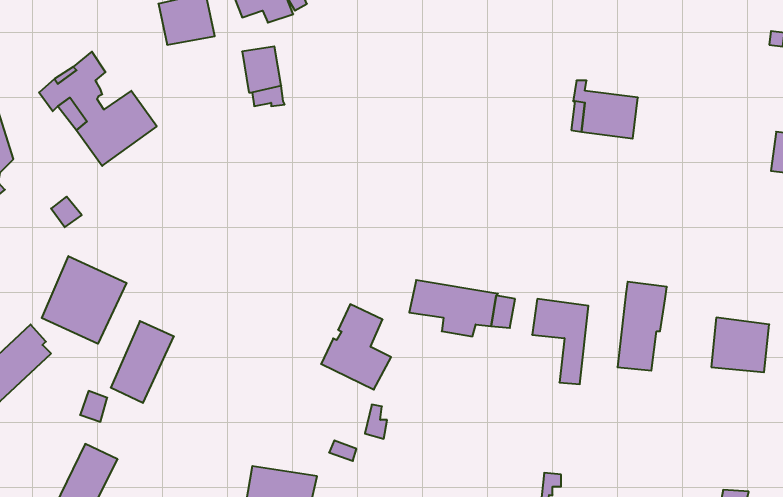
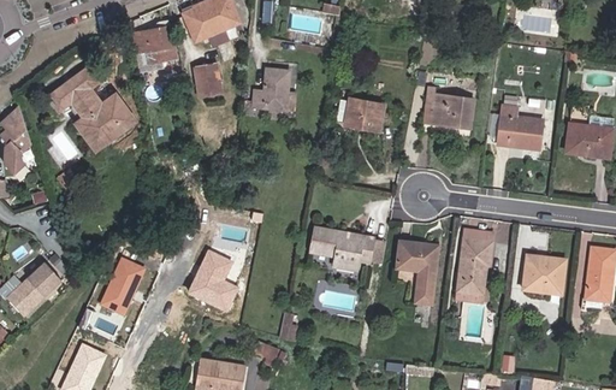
building: none -> [253,70,288,108]
building: none -> [346,100,384,129]
building: none -> [498,106,543,149]
building: [42,256,127,344] -> none
building: [321,304,391,390] -> [189,250,238,311]

